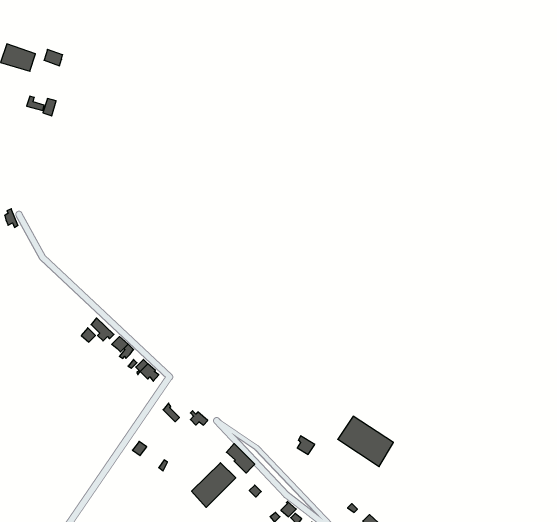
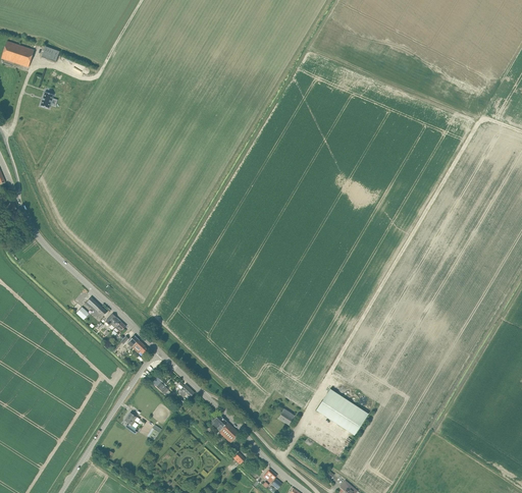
building: [192,463,236,507] -> none

